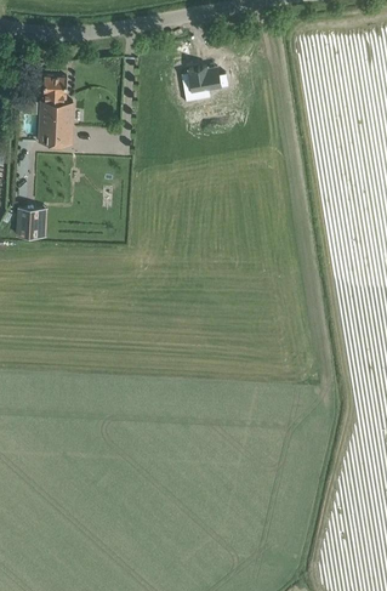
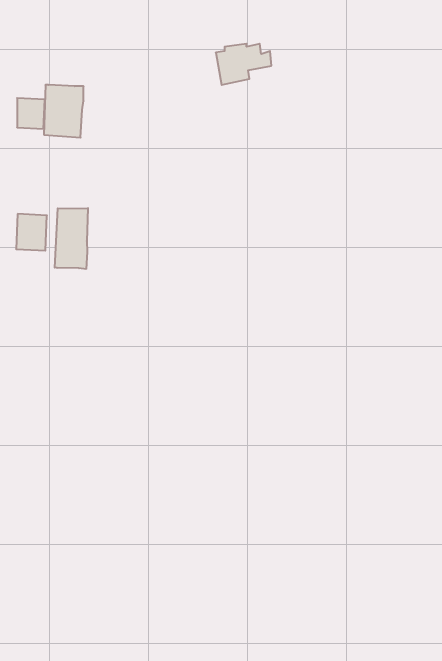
building: [42,75,66,101] -> [17,98,45,129]
building: none -> [55,208,88,269]

